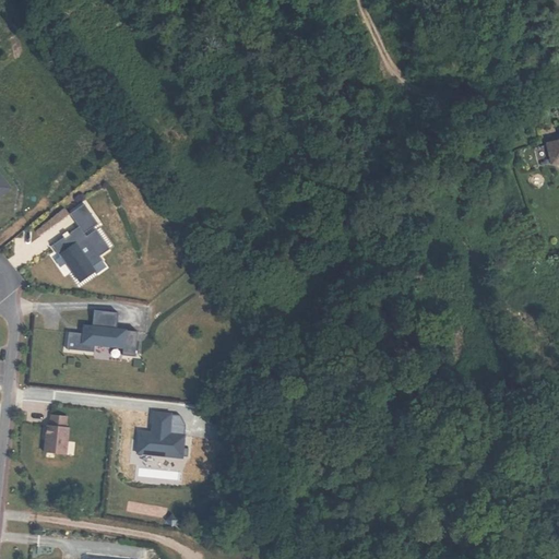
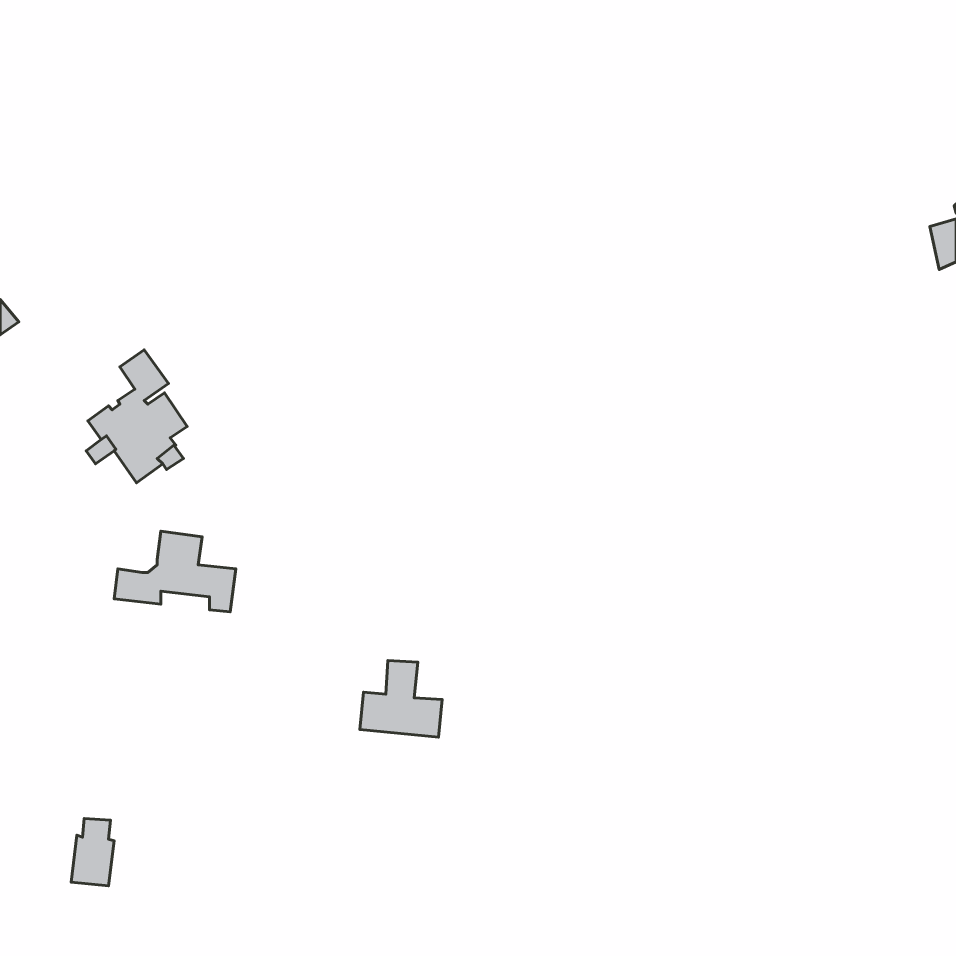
building: [136,413,185,457] -> [360,660,442,737]
building: [44,415,69,454] -> [71,818,114,886]

